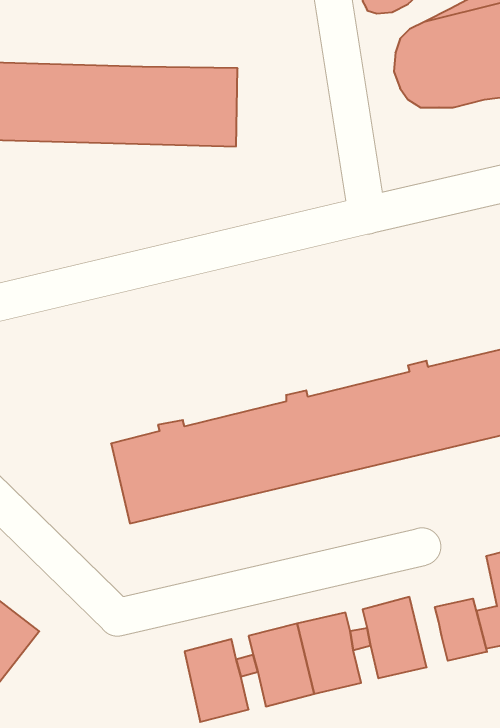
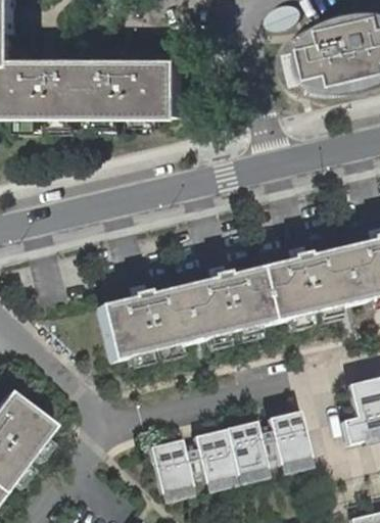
building: [435,599,487,661] -> none

